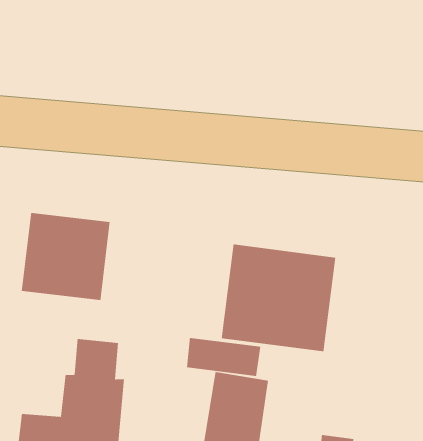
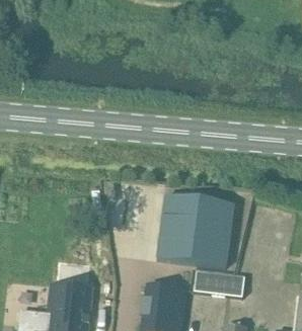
building: [21,212,110,301] -> none
building: [186,338,261,377] -> [194,269,244,296]

